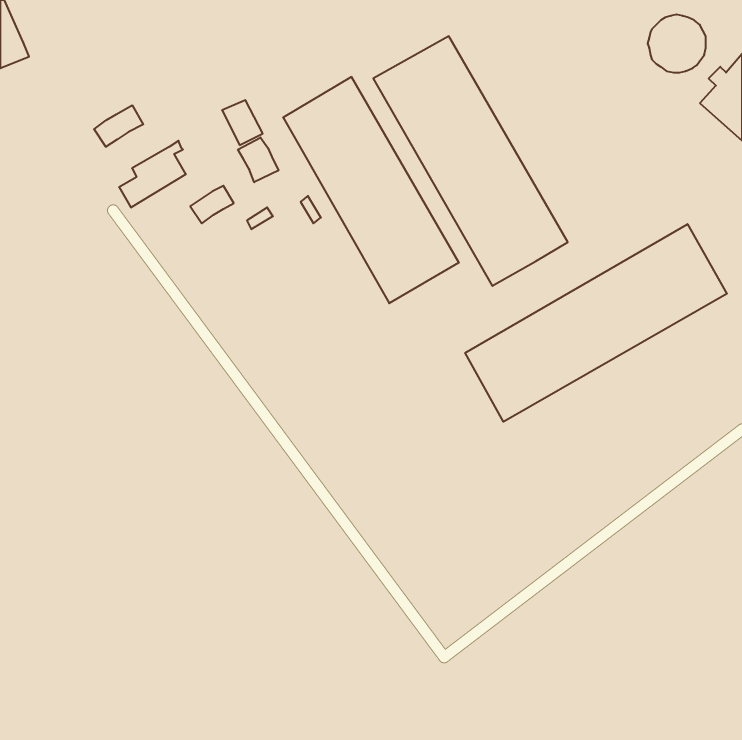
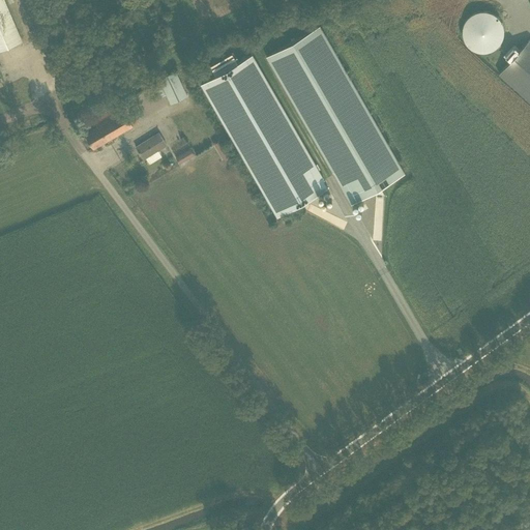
building: [94,105,143,147] -> none
building: [238,137,278,182] -> none
building: [465,224,727,422] -> none

